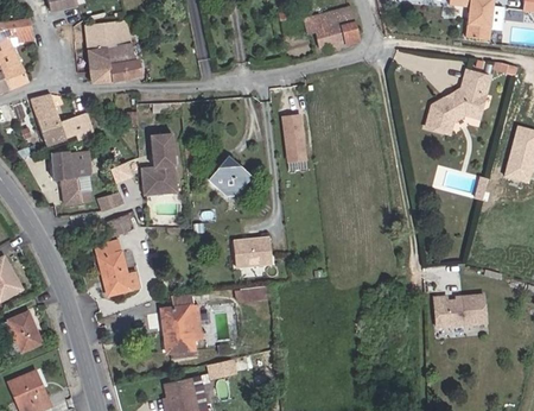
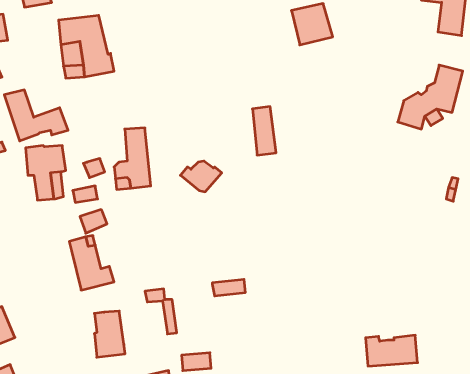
building: [239,236,273,265] -> none
building: [431,299,483,330] -> [366,335,418,366]
building: [164,305,195,352] -> [94,311,125,357]

